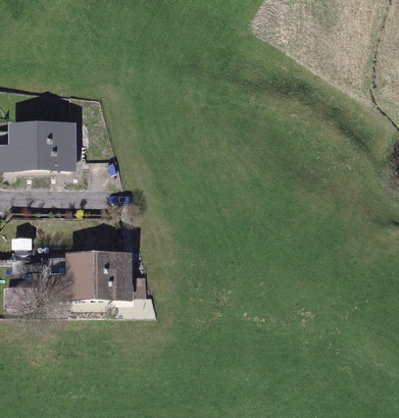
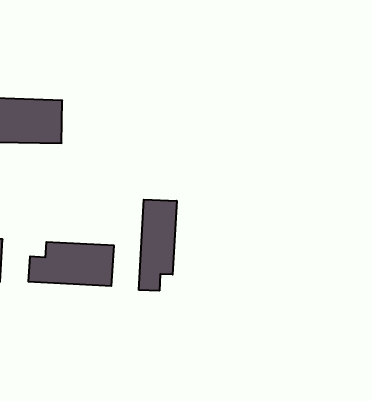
building: none -> [139,200,177,291]

